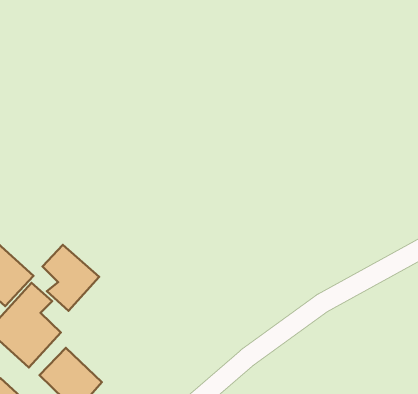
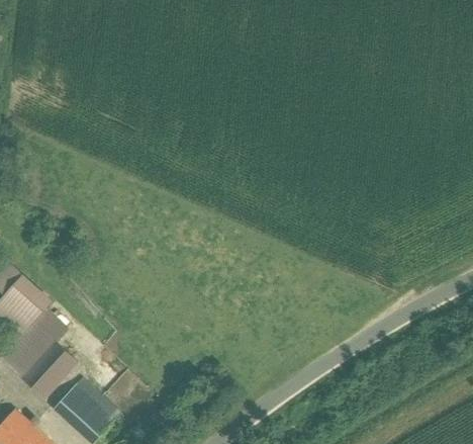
building: [42,245,99,311] -> none

